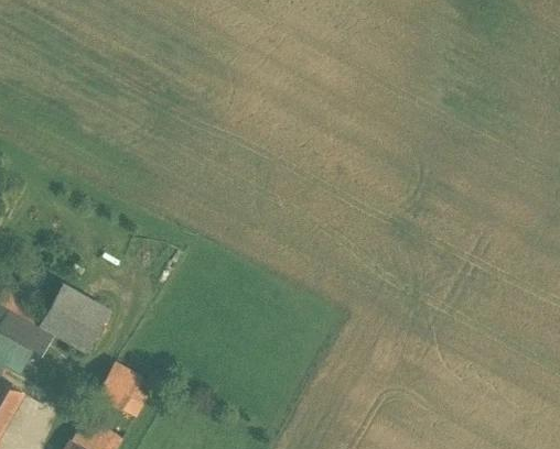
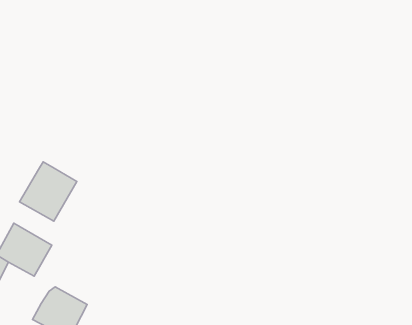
building: none -> [20,162,77,221]

